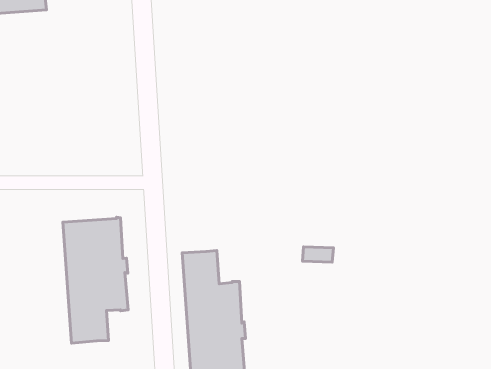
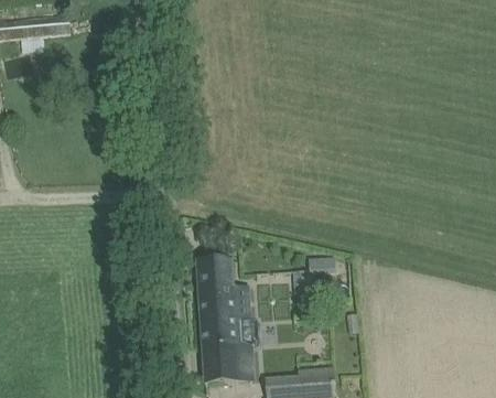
building: [63,217,128,343] -> none

